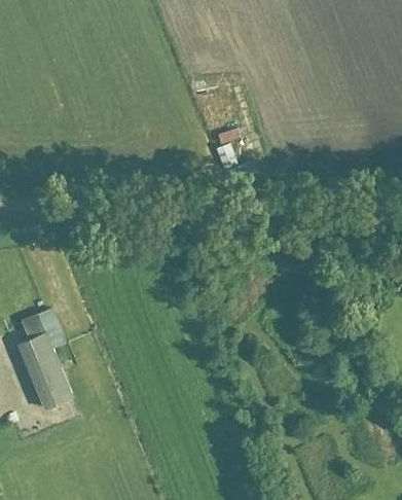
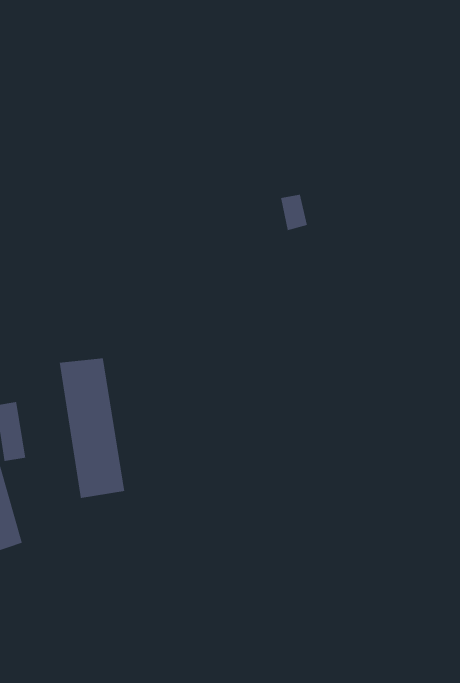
building: none -> [59,358,125,499]

